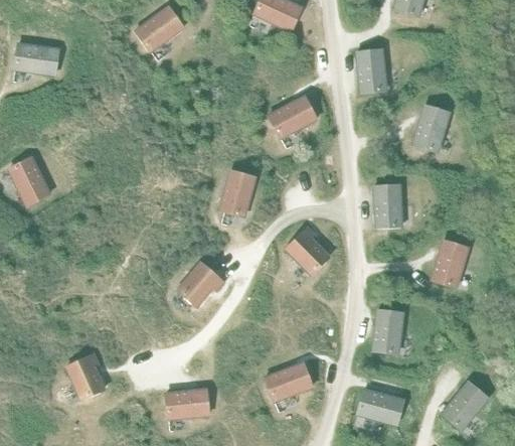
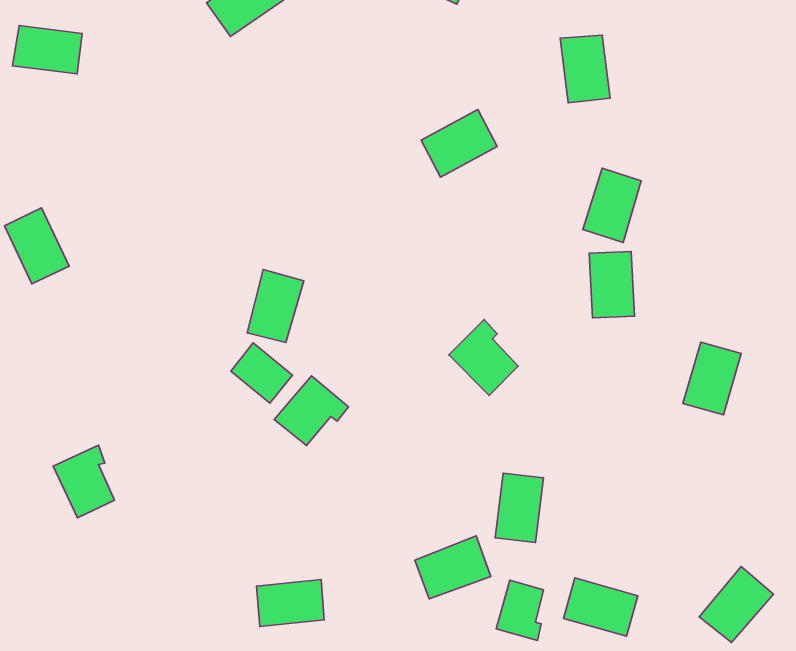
building: [413,105,450,151] -> [583,168,641,242]
building: [220,169,255,214] -> [247,270,304,342]
building: none -> [231,343,292,403]
building: [373,309,403,352] -> [495,473,544,543]
building: [66,353,105,399] -> [53,445,114,518]
building: none -> [496,580,544,641]

